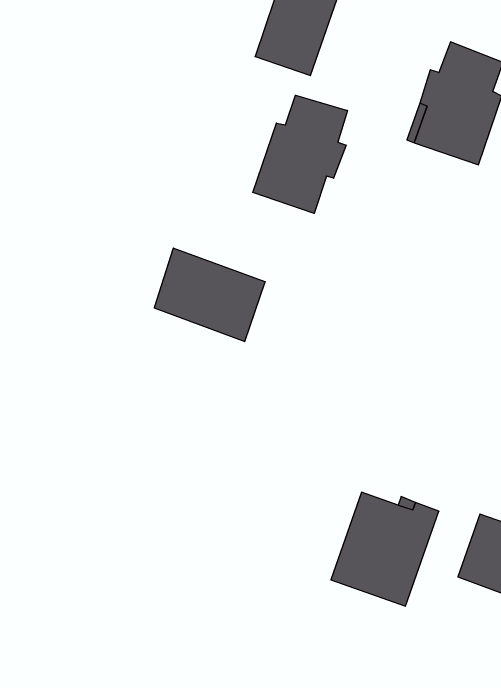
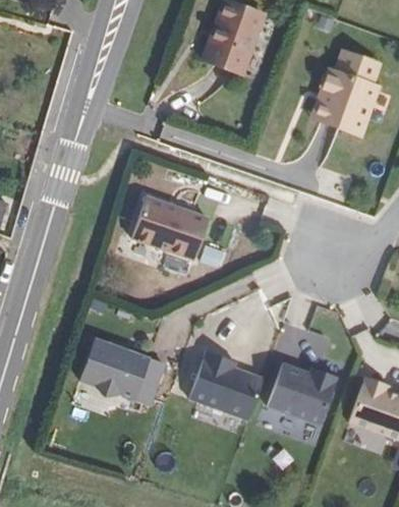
building: [253,95,347,213] -> none
building: none -> [76,338,161,402]
building: none -> [187,348,261,417]

